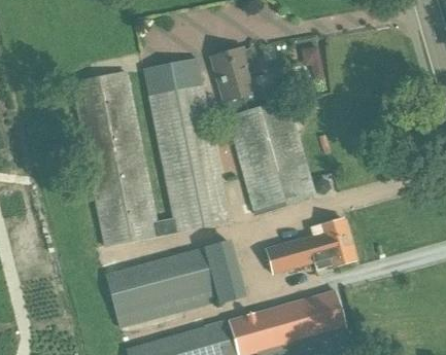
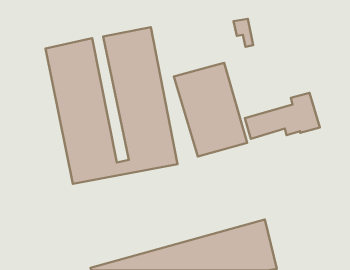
building: [210,47,271,116] -> none
building: [266,218,356,274] -> [245,93,320,139]
building: [105,240,246,325] -> none

